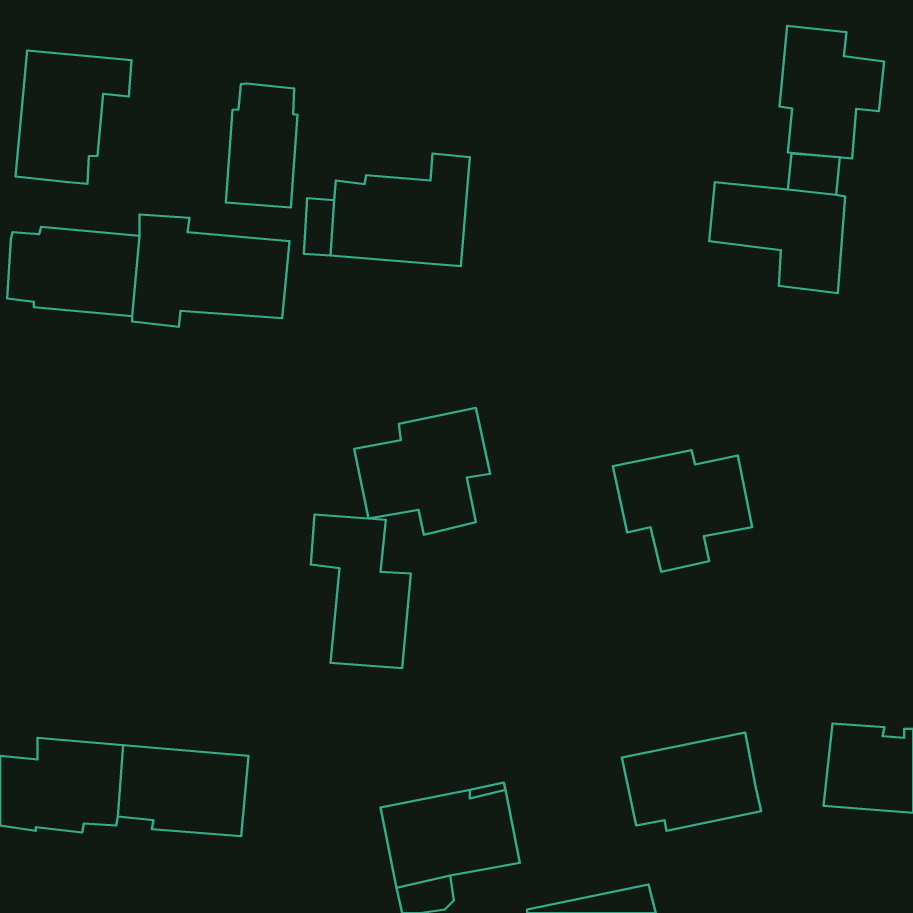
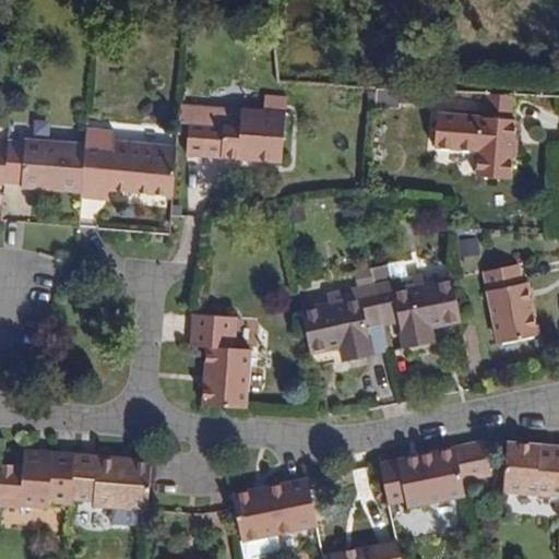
building: [779,26,884,158] -> none
building: [16,51,132,184] -> none
building: [226,84,298,207] -> none
building: [354,408,490,535] -> [300,285,383,362]
building: none -> [484,263,539,344]
building: none -> [455,441,491,481]

